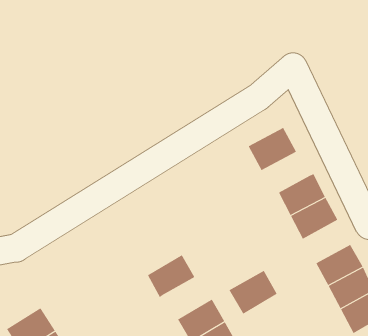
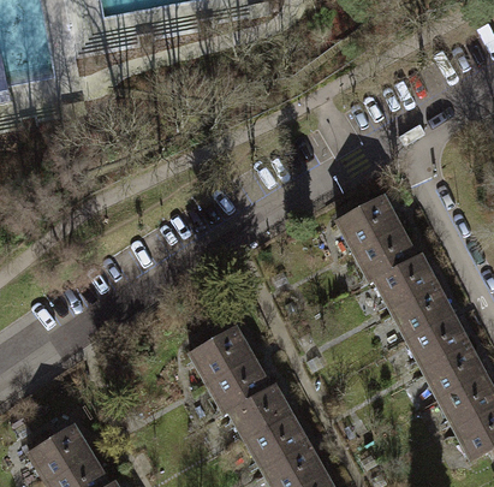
building: none -> [355,227,416,281]
building: none -> [407,314,469,369]
building: none -> [191,327,254,385]
building: [229,270,277,315] -> [230,385,292,441]

